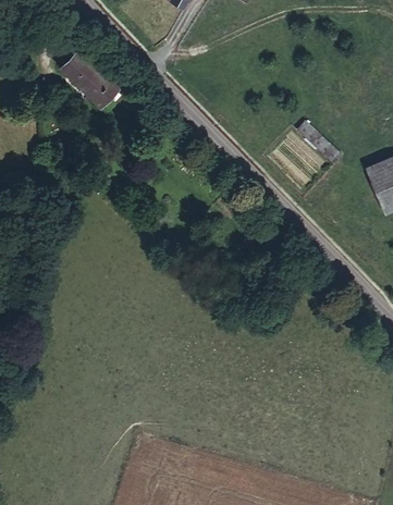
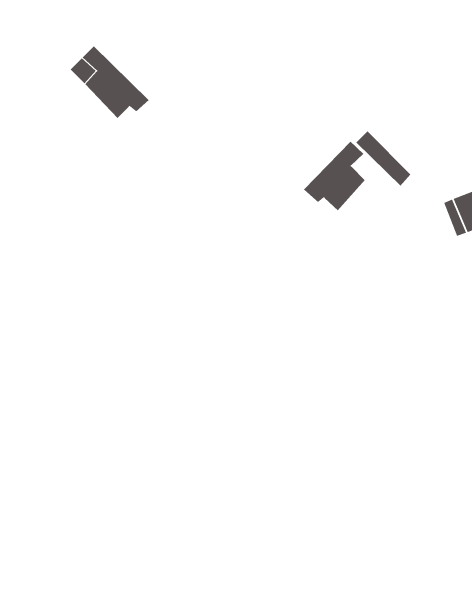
building: none -> [303,141,366,211]

